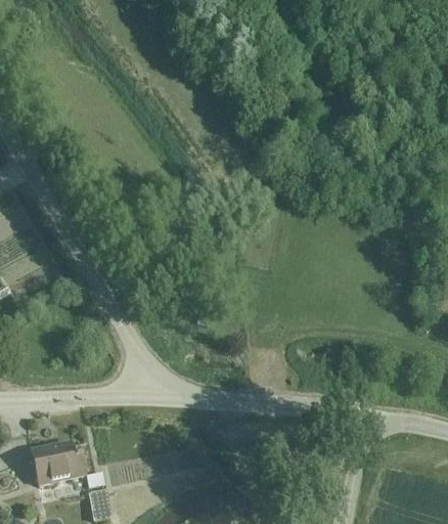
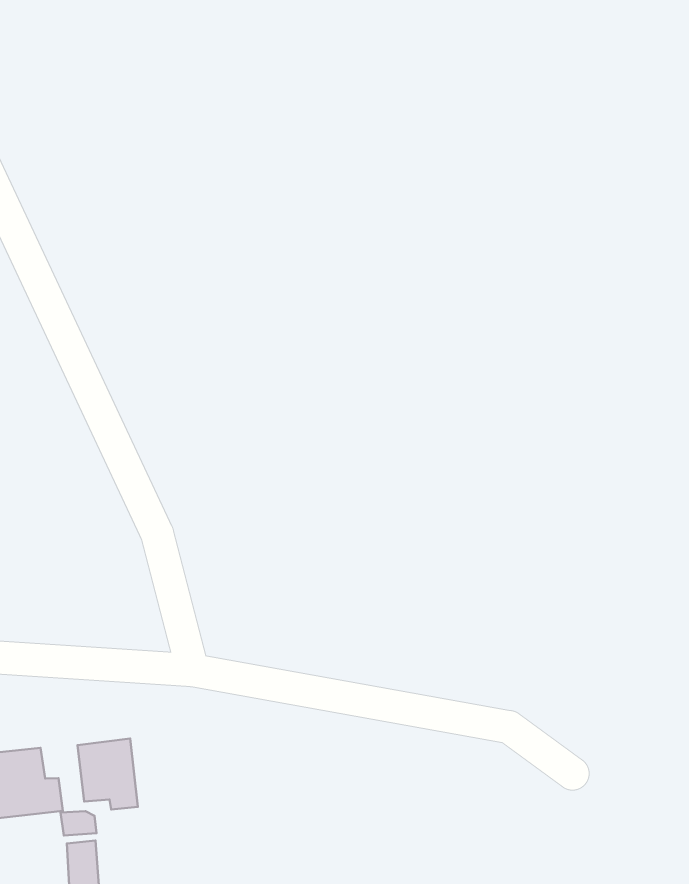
building: none -> [77,738,138,810]

